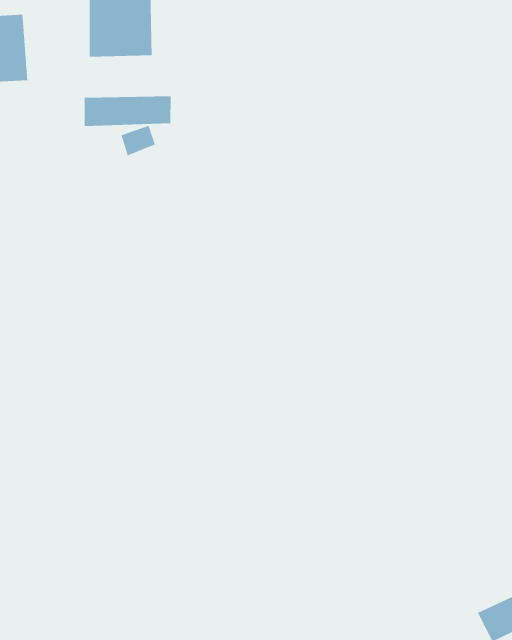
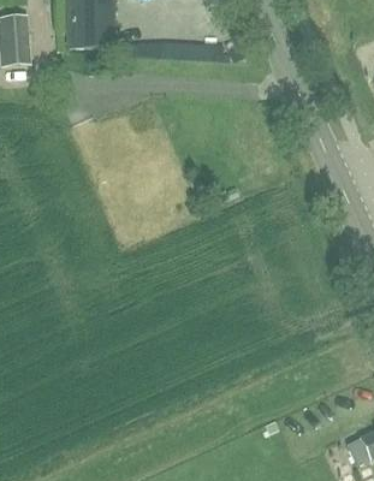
building: [84,96,172,127] -> none

